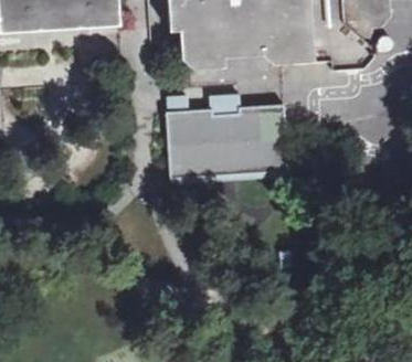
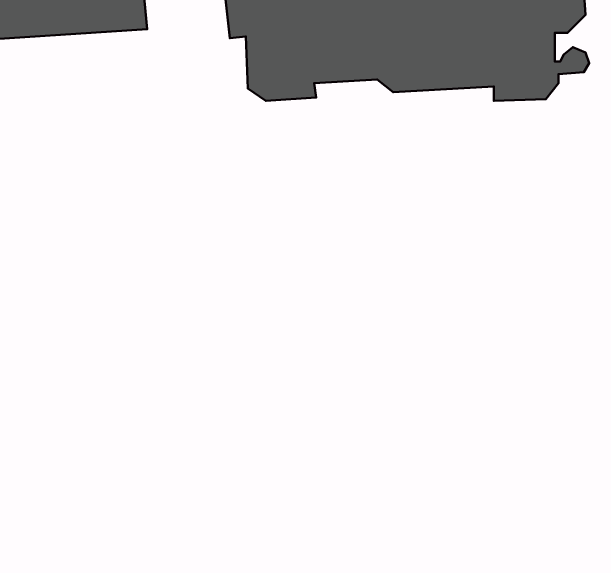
building: [166,103,286,173] -> none

